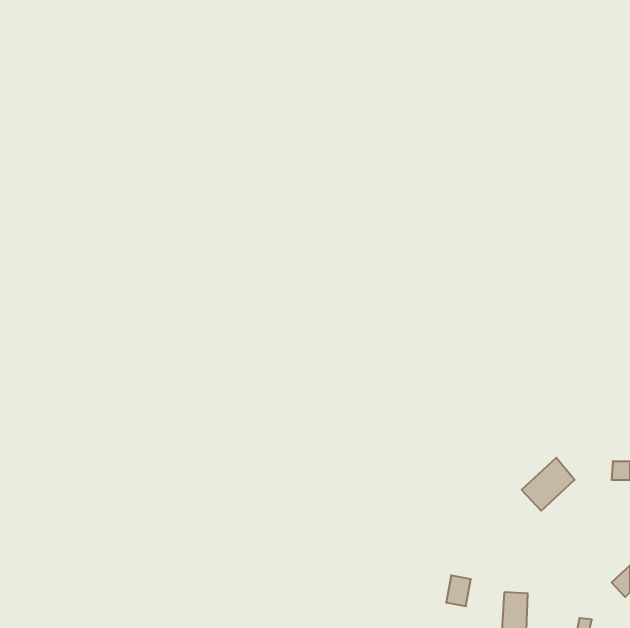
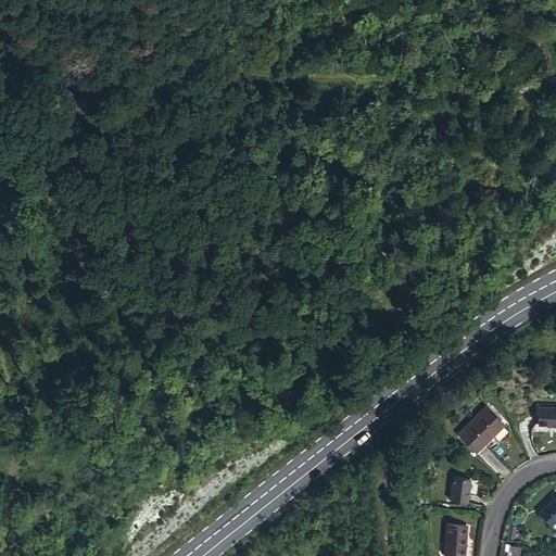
building: [446,575,471,606] -> [448,480,470,507]

